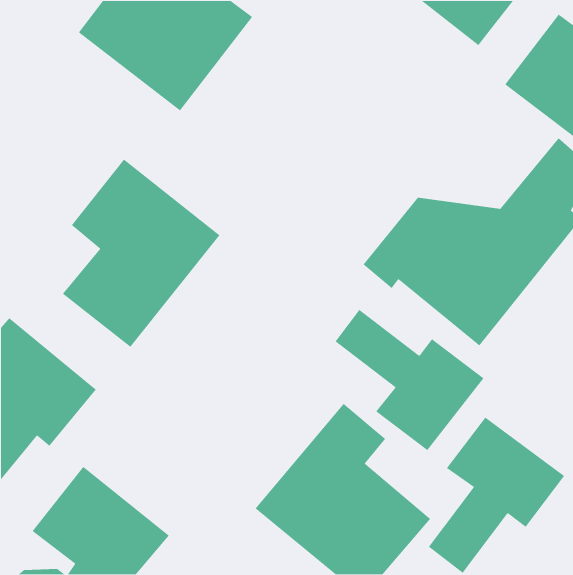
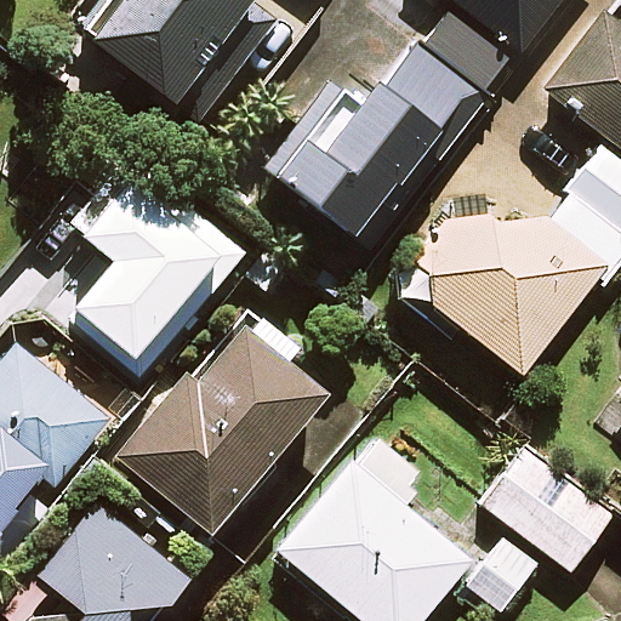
building: none -> [267,13,511,247]
building: none -> [120,315,321,532]
building: [335,309,484,451] -> none

